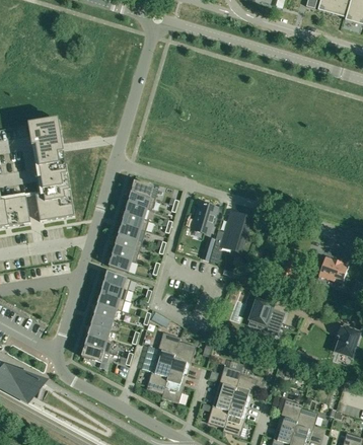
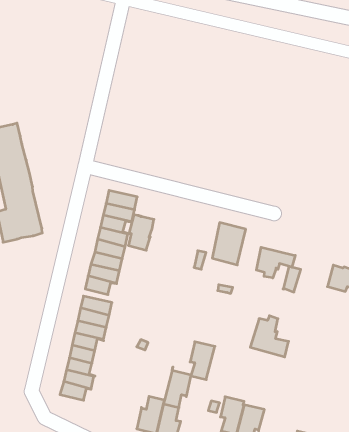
building: [194,202,217,233] -> [128,215,154,250]
building: none -> [256,247,295,278]
building: [158,331,180,365] -> [190,342,215,380]

